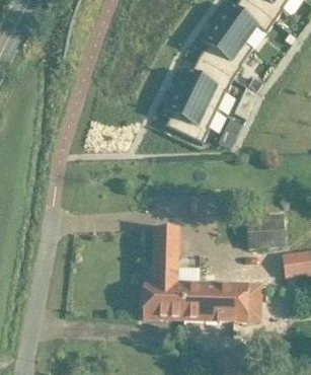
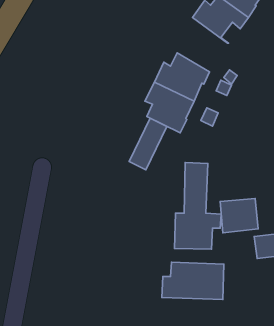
building: [200,20,253,78] -> none
building: none -> [129,118,167,170]
building: [144,226,193,318] -> [175,163,221,249]

